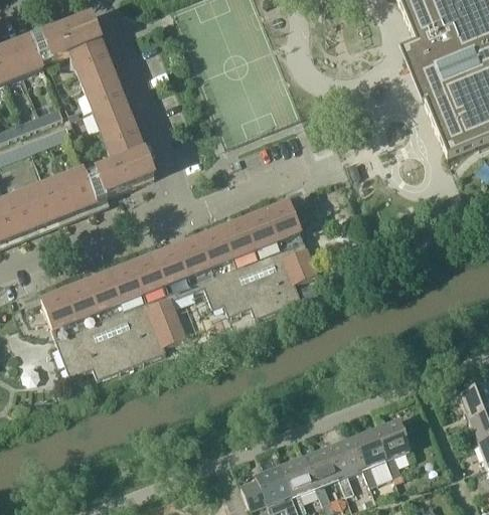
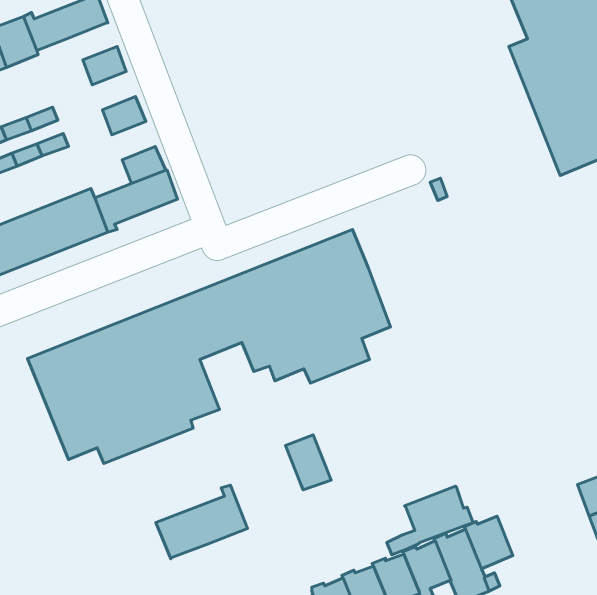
building: [74,40,108,68] -> none
building: [89,77,122,107] -> none
building: [104,116,137,145] -> none
building: none -> [286,435,331,490]
building: none -> [156,485,248,559]
building: none -> [387,486,473,555]

